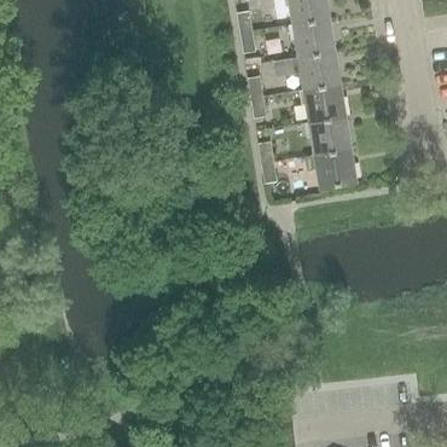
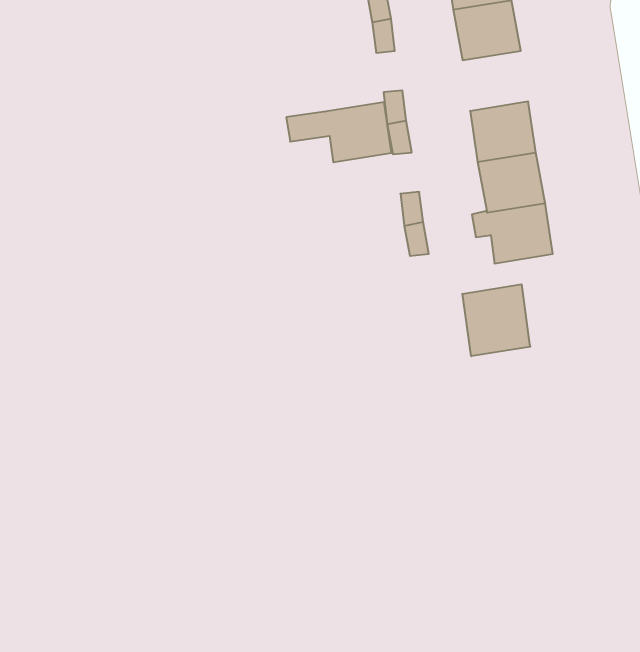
building: [273,51,341,89] -> [286,102,392,162]
building: none -> [462,284,530,356]

